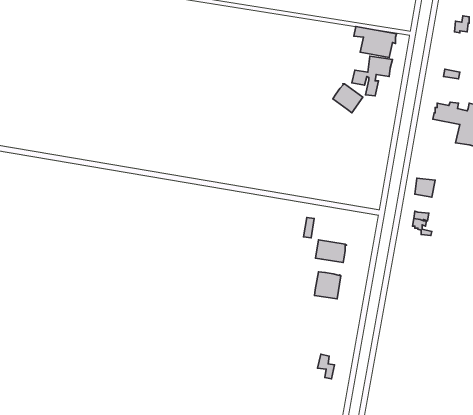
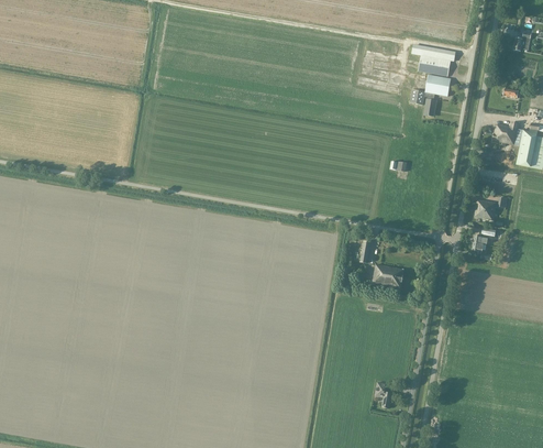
building: [333,84,363,113] -> none
building: [314,272,341,299] -> none

